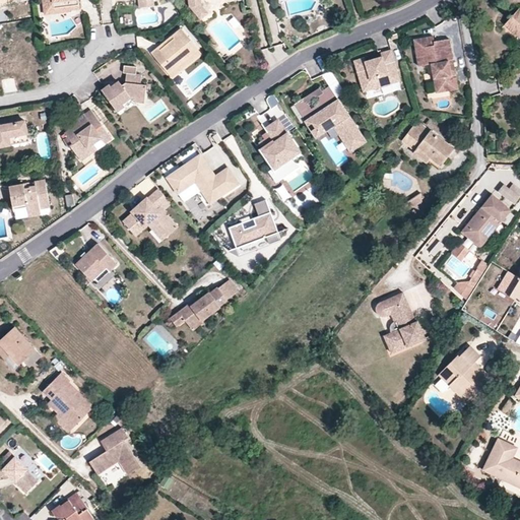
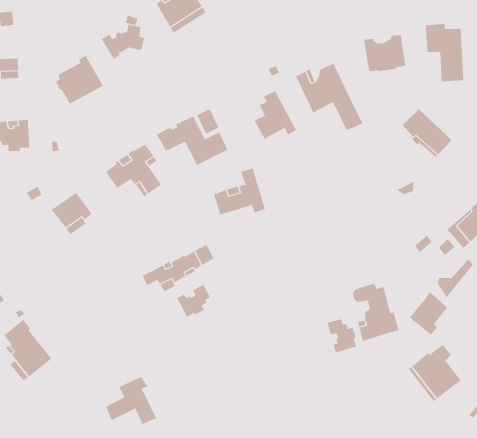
building: none -> [409,292,448,335]
building: none -> [176,284,210,318]
building: none -> [327,319,357,353]
building: [91,428,142,474] -> [106,376,157,425]

